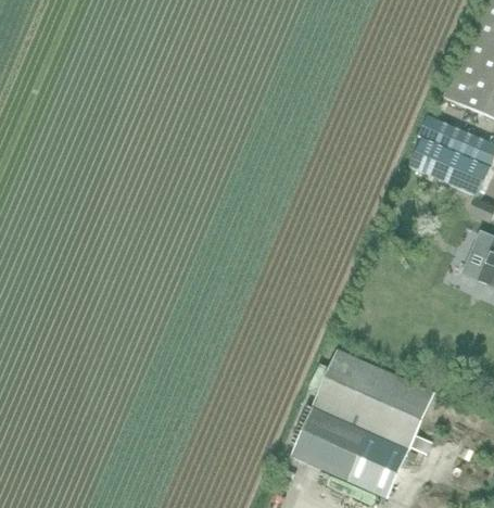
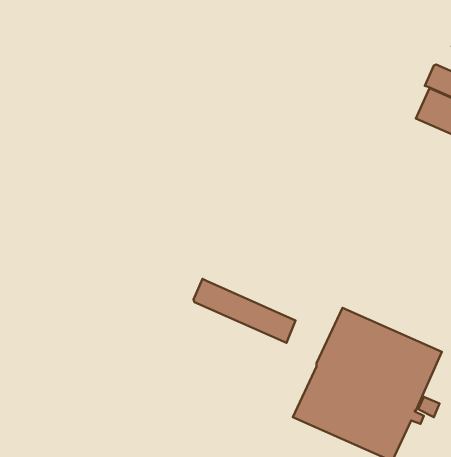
building: none -> [194,279,295,343]

